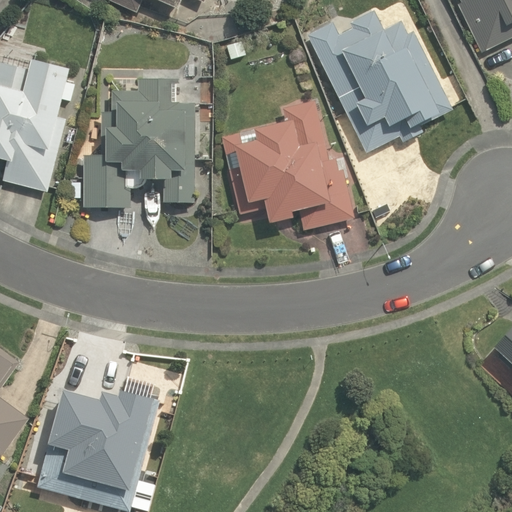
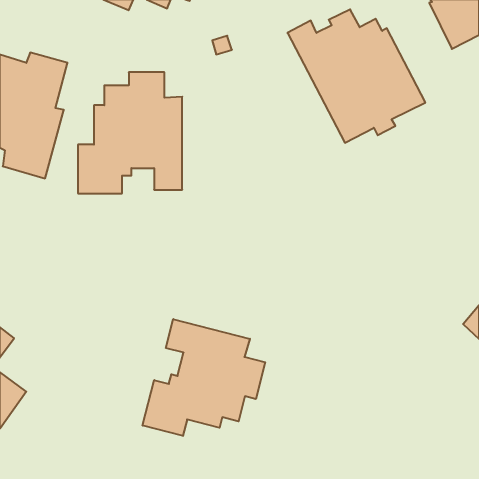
building: [221,100,353,228] -> none
building: none -> [143,319,265,436]
building: [41,393,154,506] -> none

